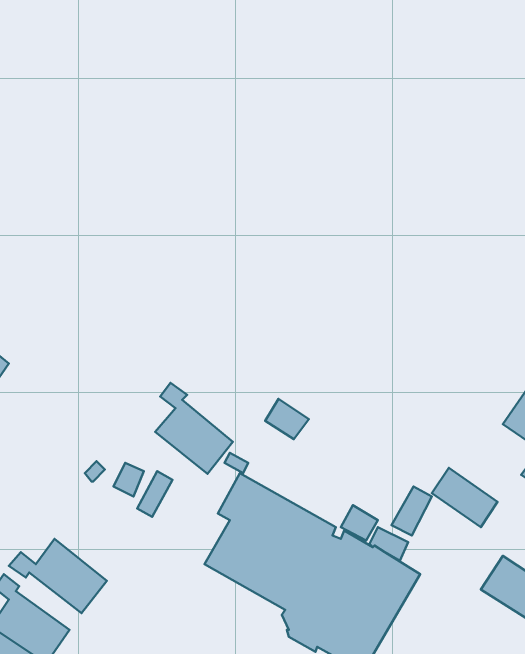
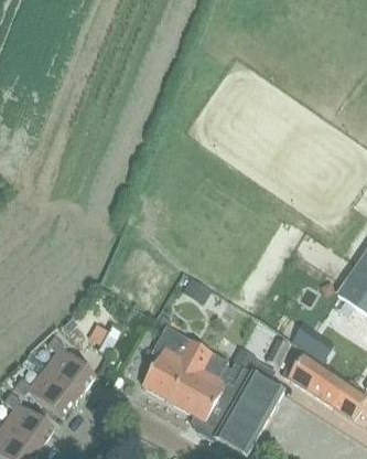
building: [155,383,233,474] -> [44,337,95,396]
building: none -> [282,356,337,402]

